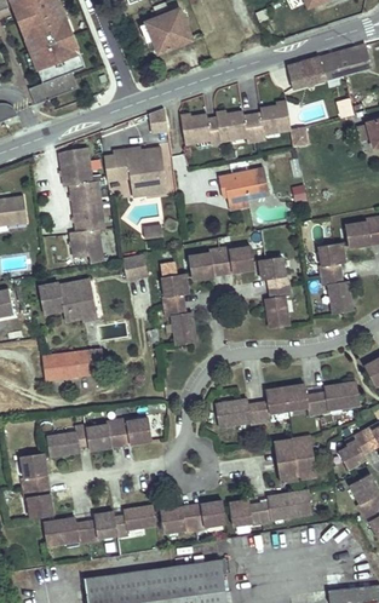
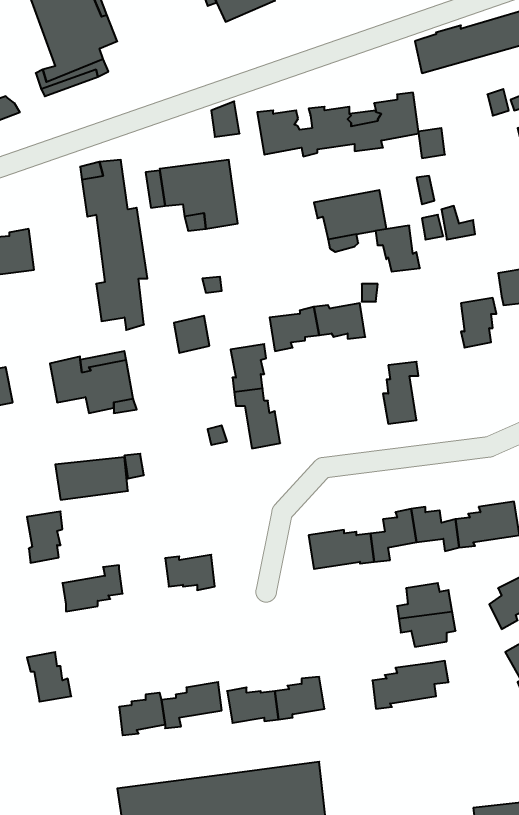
building: [258,257,288,288] -> [376,226,420,272]
building: [321,272,351,314] -> none
building: [85,420,119,450] -> none
building: [19,453,44,488] -> [27,511,62,563]
building: [228,501,260,526] -> none
building: [42,519,87,546] -> none

